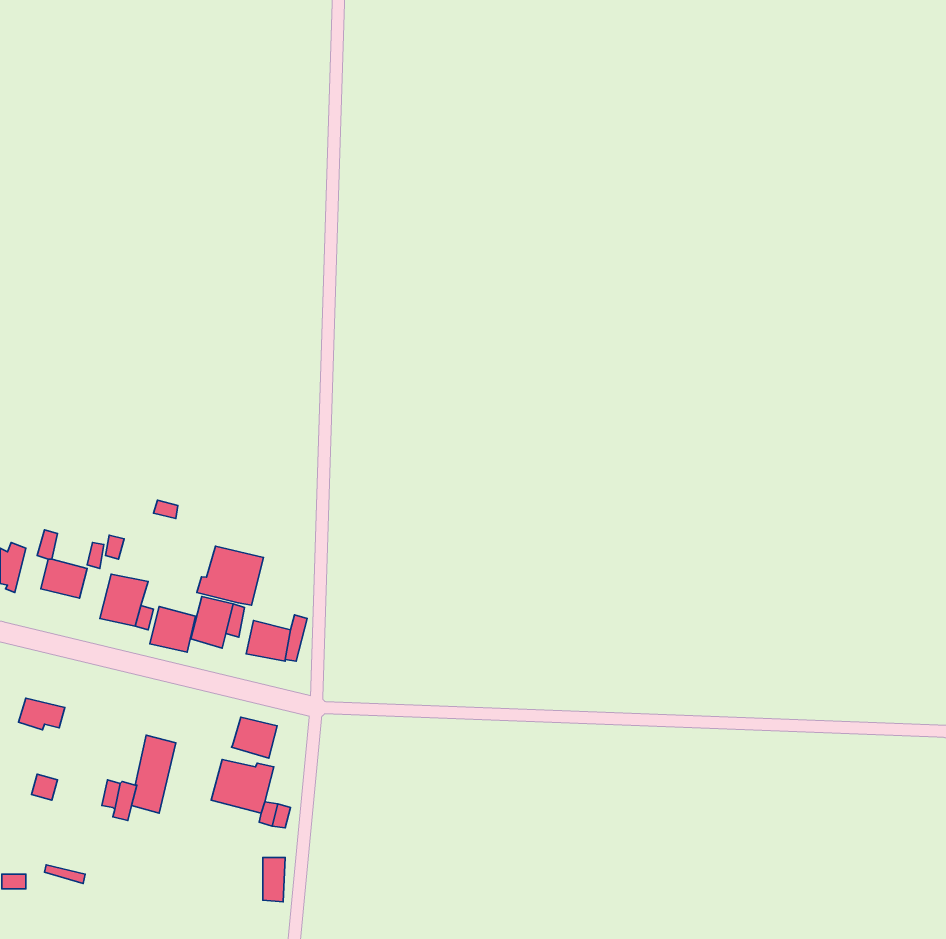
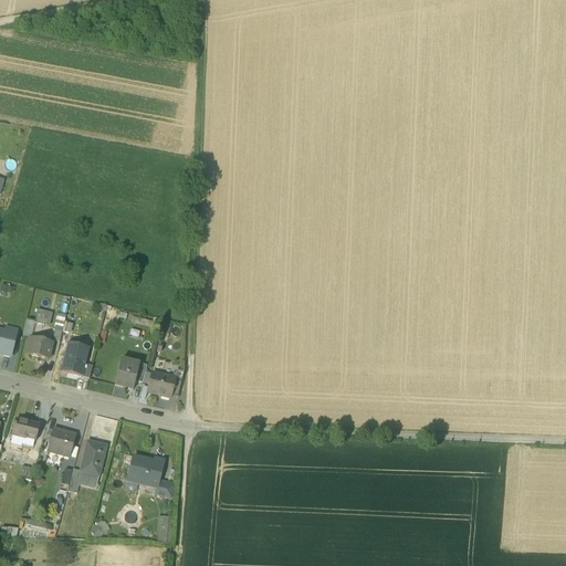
building: [197,546,263,605] -> none
building: [150,607,196,652] -> none
building: none -> [48,426,75,453]
building: [232,717,277,758] -> none

